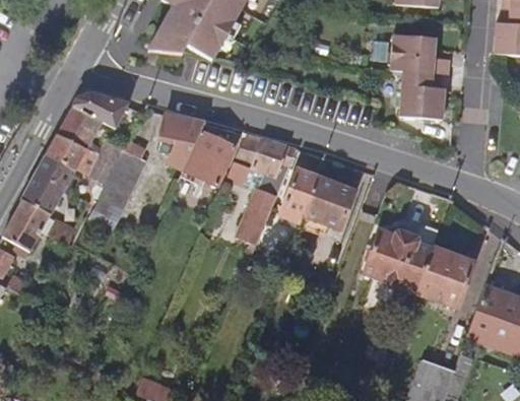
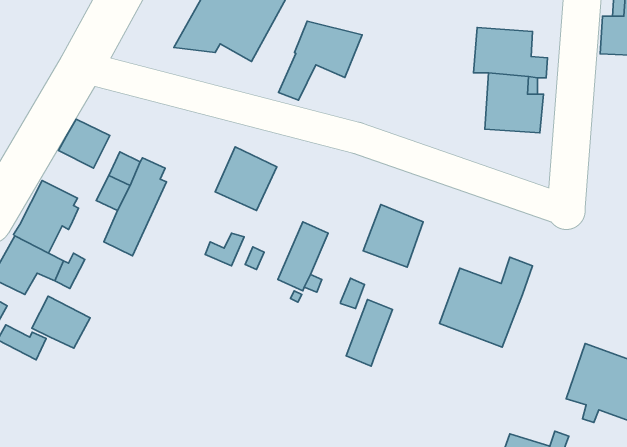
building: [70,91,126,127] -> none
building: [164,113,202,170] -> none
building: [43,132,84,171] -> none
building: [218,132,286,196] -> [278,21,362,100]
building: [279,168,317,221] -> [346,300,392,366]
building: [413,249,471,312] -> none
building: none -> [32,296,90,348]

